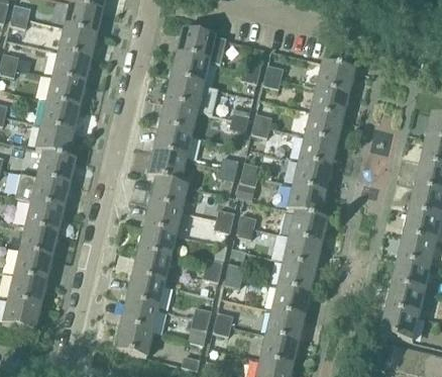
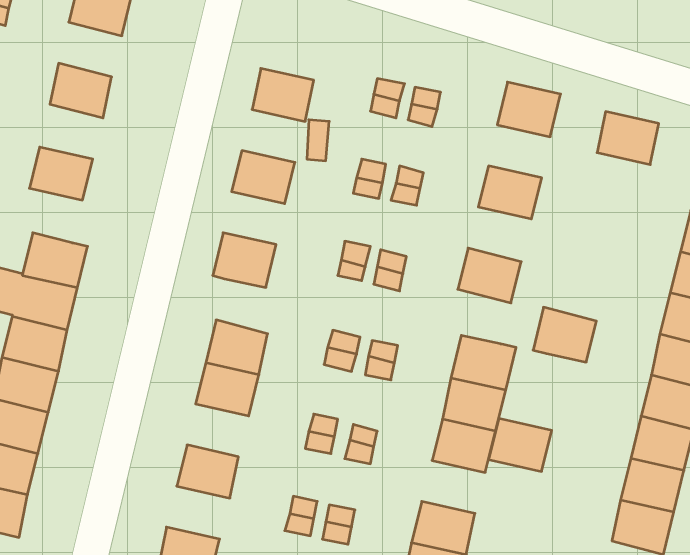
building: [57,27,94,60] -> none
building: [176,29,225,65] -> none
building: [45,76,83,108] -> none
building: [164,79,202,110] -> none
building: [310,88,346,119] -> [597,112,659,165]
building: [33,125,71,158] -> none
building: [153,127,190,159] -> none
building: [298,136,335,169] -> none
building: [149,179,186,211] -> none
building: [286,185,323,217] -> [533,307,596,362]
building: [132,253,169,284] -> none
building: [270,286,308,317] -> [488,418,552,471]
building: [120,301,157,333] -> none

